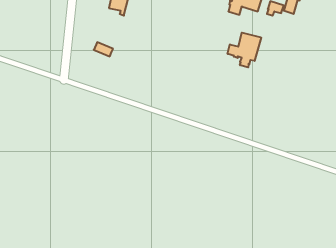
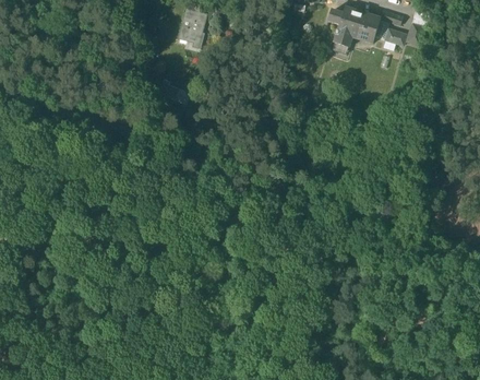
building: [228,33,261,67] -> none

